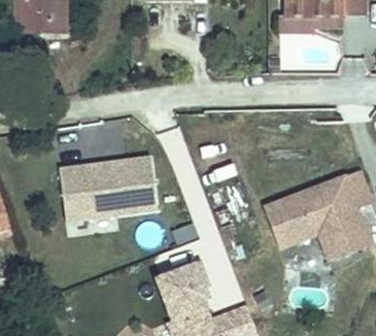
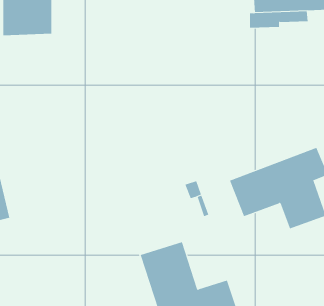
building: [65,156,166,227] -> none

